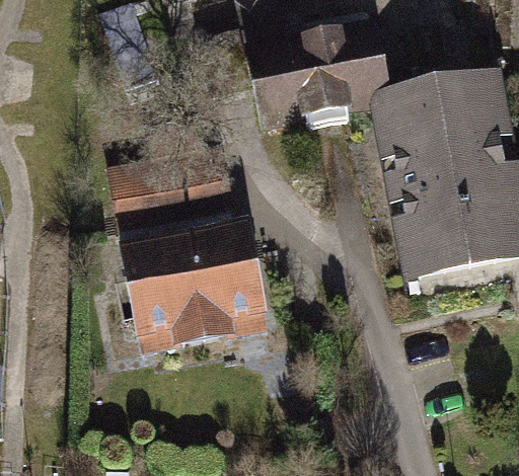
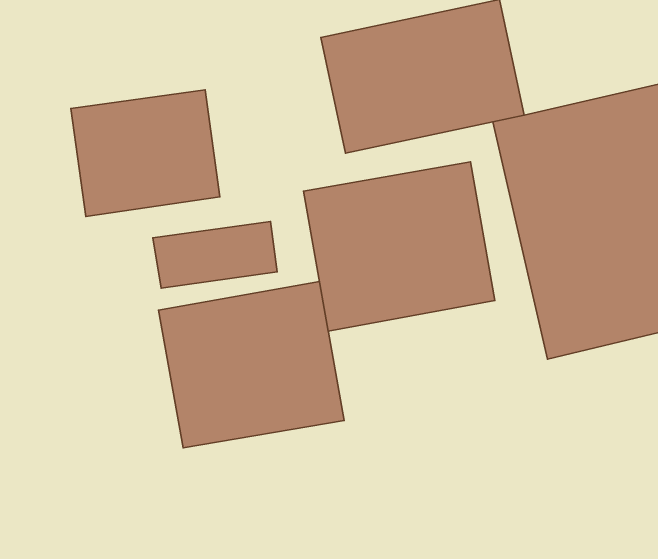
building: none -> [71,90,220,216]
building: none -> [304,162,495,331]

